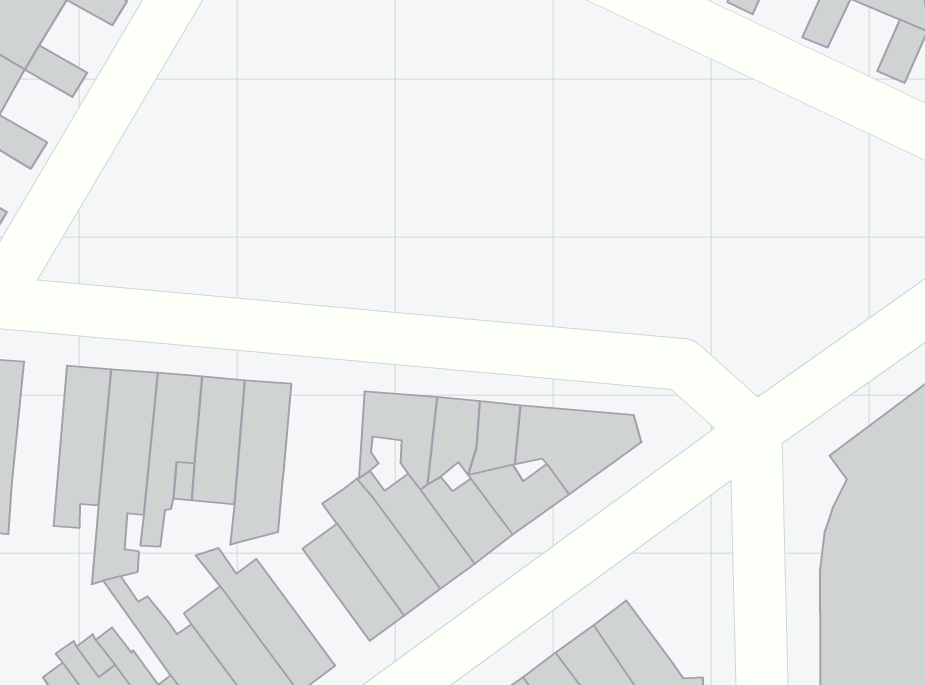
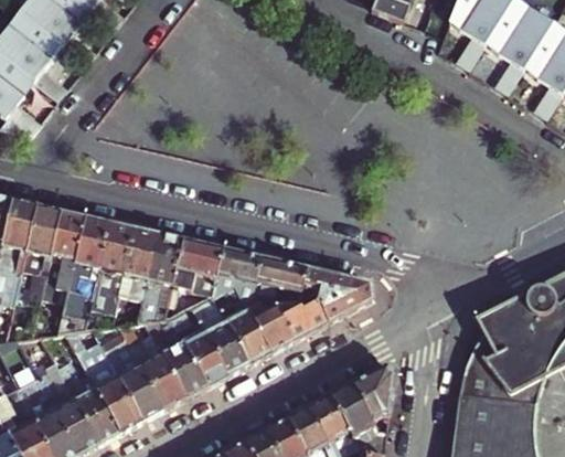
building: none -> [22,205,62,308]
building: none -> [173,238,224,300]
building: none -> [146,318,207,397]
building: none -> [352,366,396,423]

